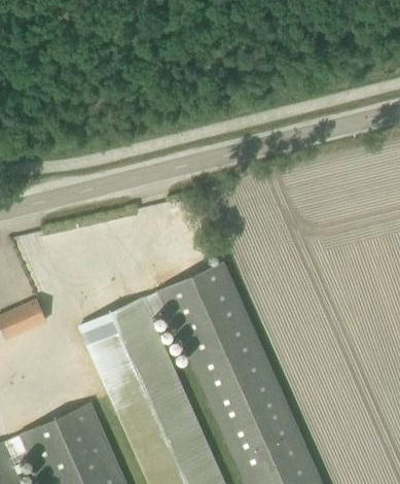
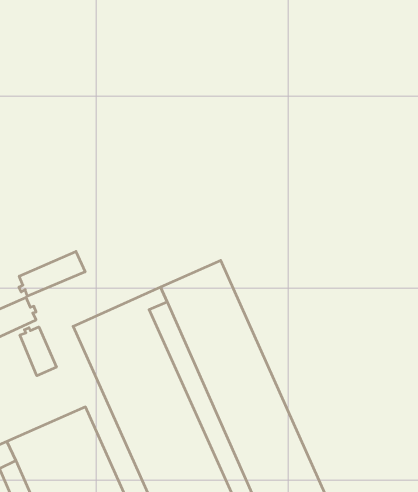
building: none -> [19,251,85,296]
building: none -> [20,327,56,376]

